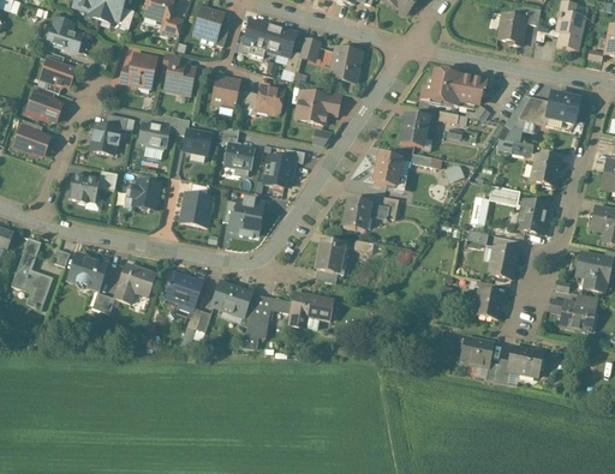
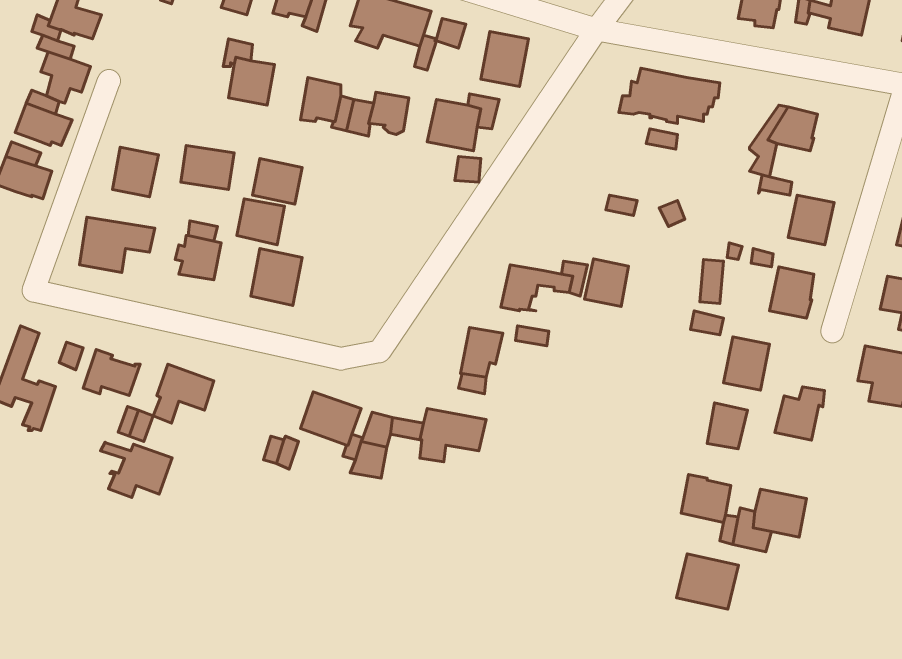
building: [120,53,154,86] -> none
building: [545,92,579,122] -> none
building: [400,114,428,146] -> none
building: [223,139,255,169] -> [237,199,285,245]
building: [261,154,293,188] -> none
building: [372,155,401,186] -> [584,259,629,307]
building: [228,199,263,238] -> none
building: [163,271,202,304] -> none
building: [560,295,592,330] -> [775,387,825,440]
building: none -> [101,442,172,498]
building: none -> [676,554,738,609]

